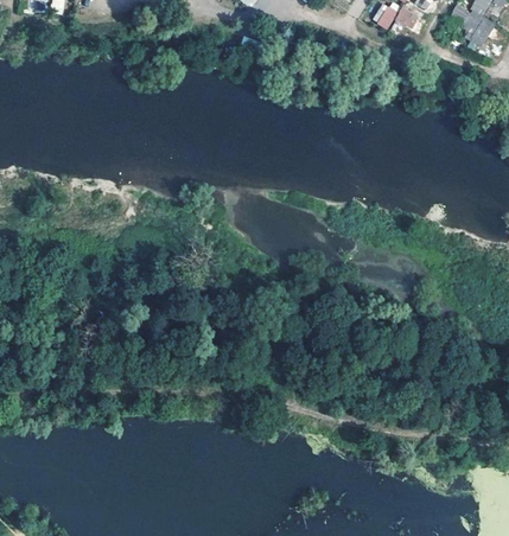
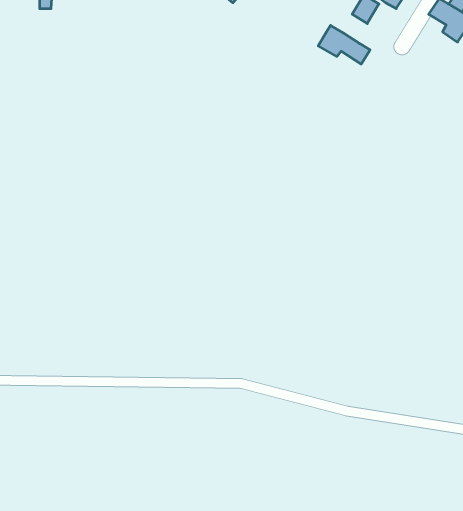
building: none -> [318,25,370,64]

